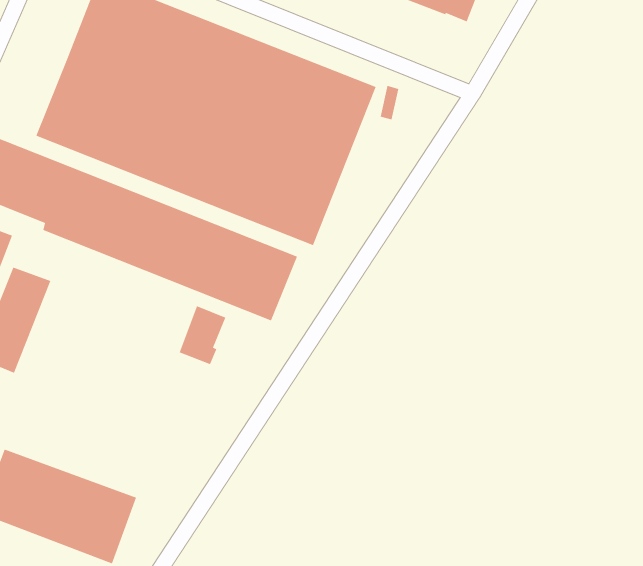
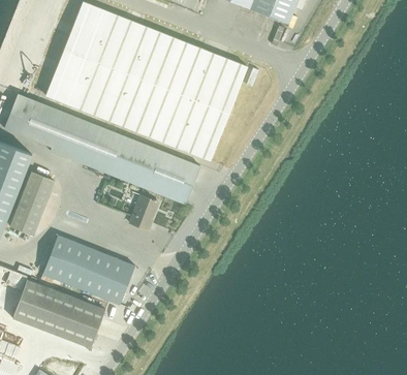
building: none -> [42,236,134,304]

